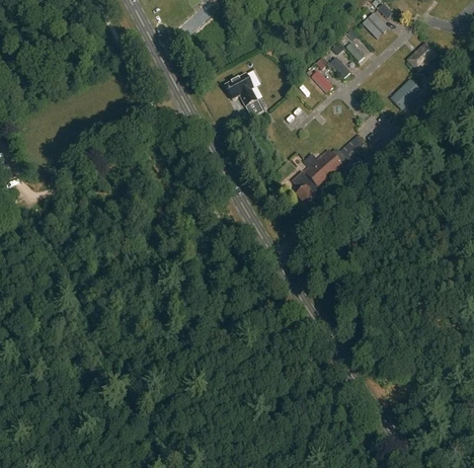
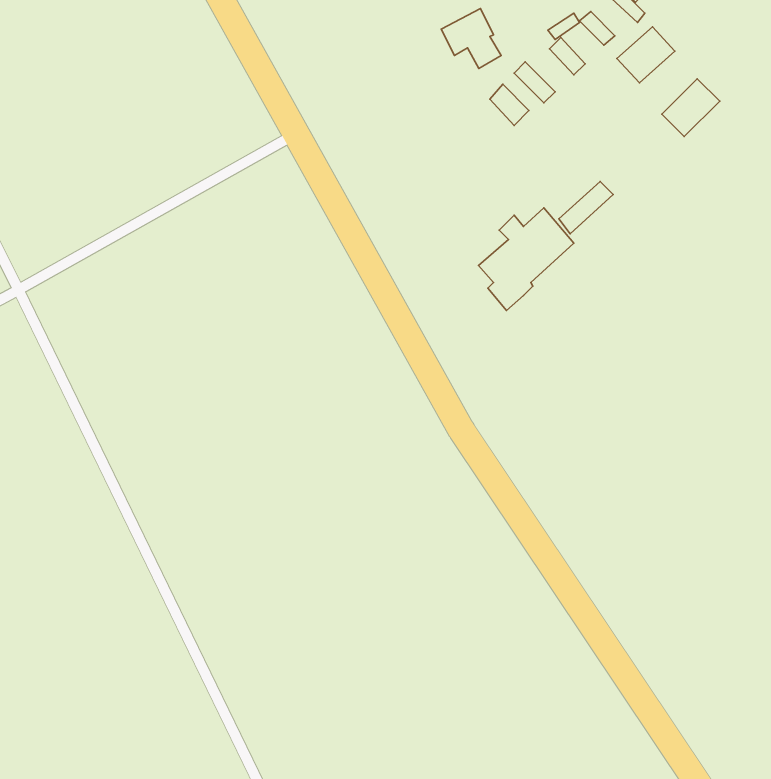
building: [407,41,439,71] -> [617,27,675,83]
building: [225,73,257,105] -> [441,9,501,68]

